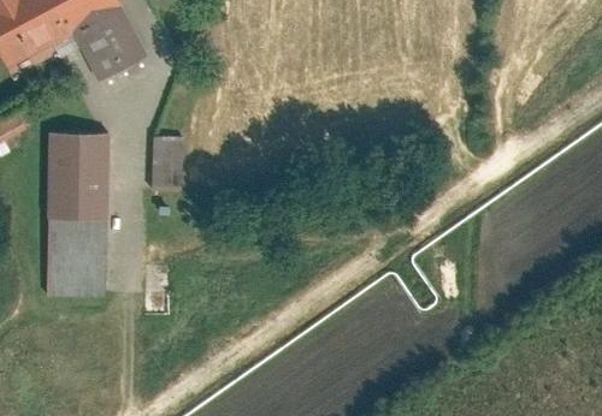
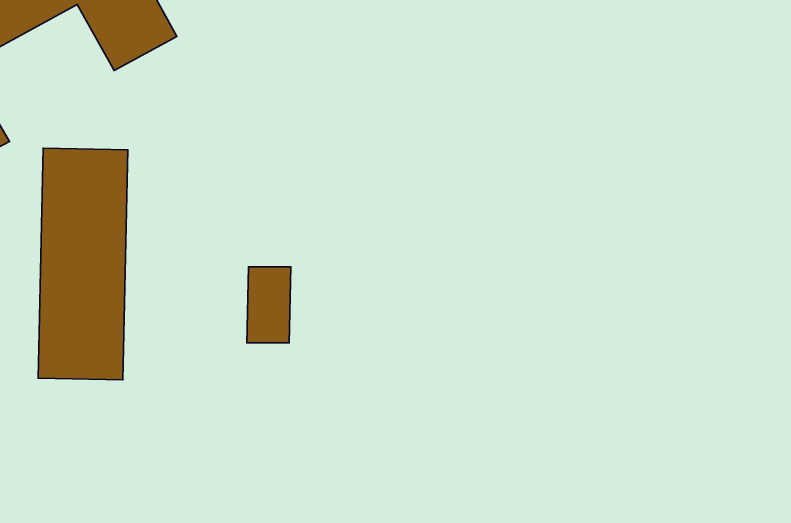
building: [152,137,183,191] -> [247,267,291,343]

